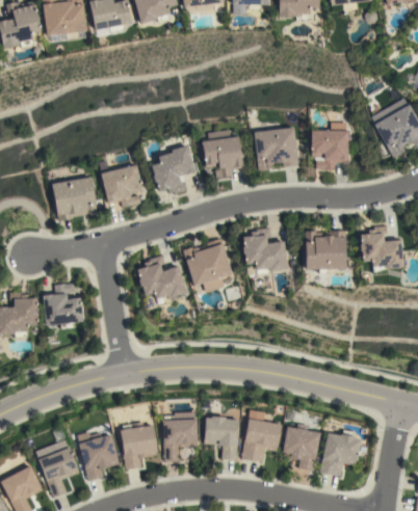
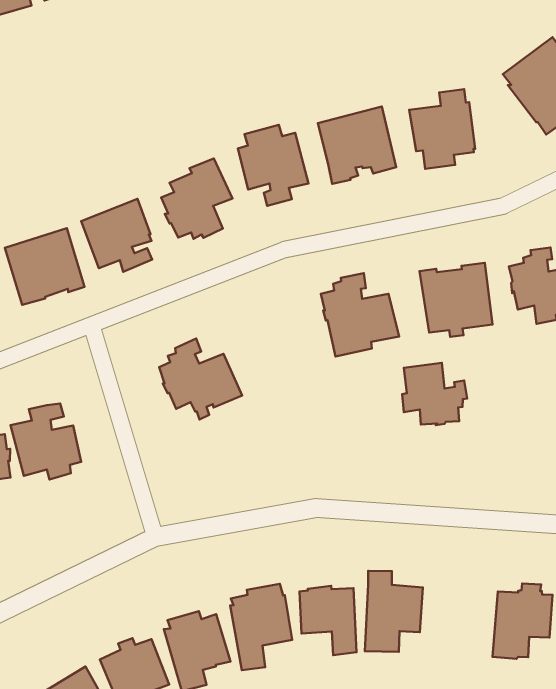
building: [183,238,232,286] -> none
building: none -> [402,363,467,425]
building: [281,424,320,470] -> none

